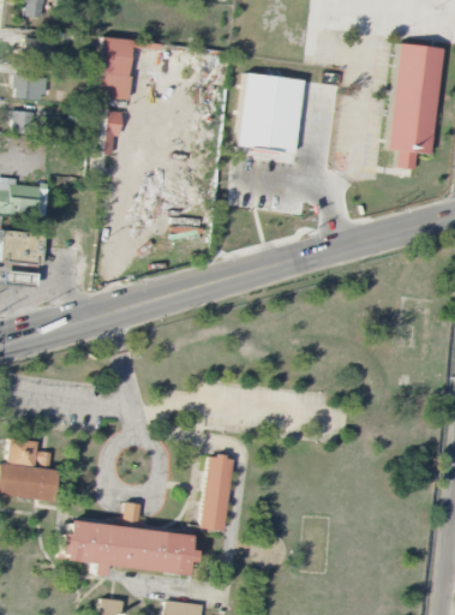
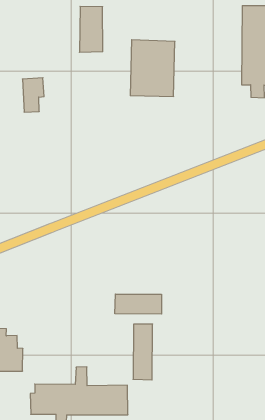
building: [96,36,133,100] -> [79,6,103,52]
building: none -> [115,294,162,314]

